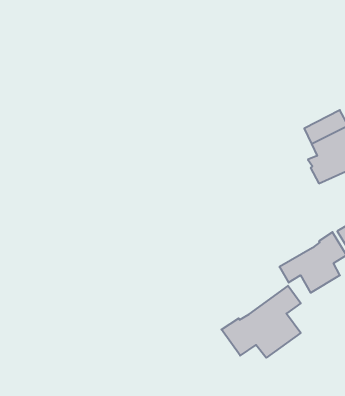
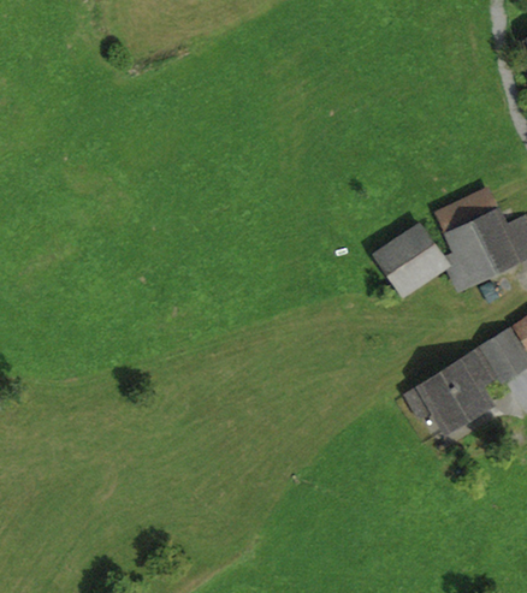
building: none -> [380,227,449,291]
building: [221,286,301,358] -> none

